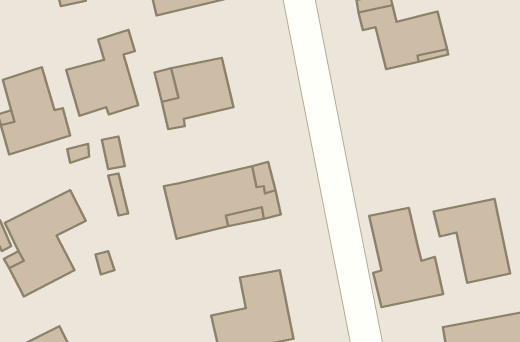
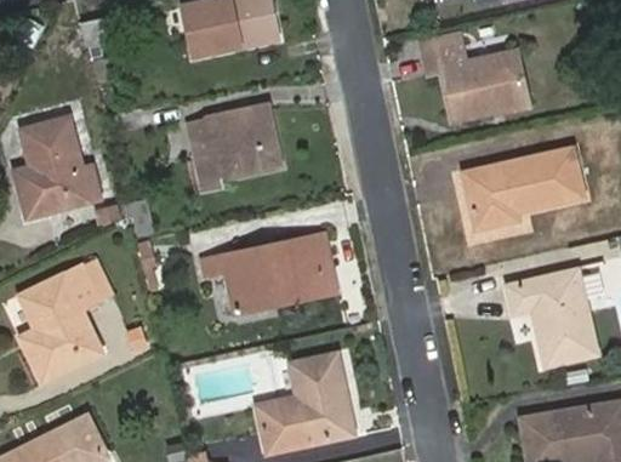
building: [66,30,138,116] -> none
building: none -> [463,148,583,227]
building: [369,208,443,307] -> none

